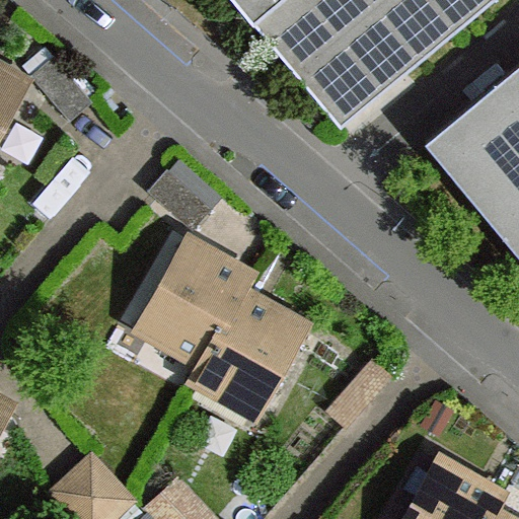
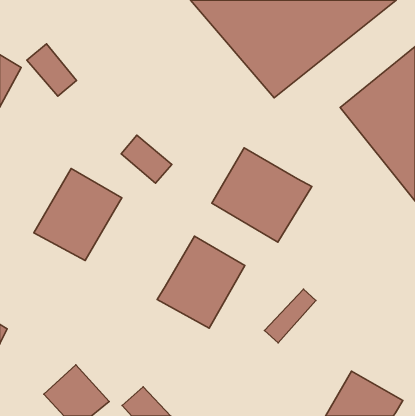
building: none -> [212,148,312,242]
building: [142,242,251,357] -> [34,168,122,260]

